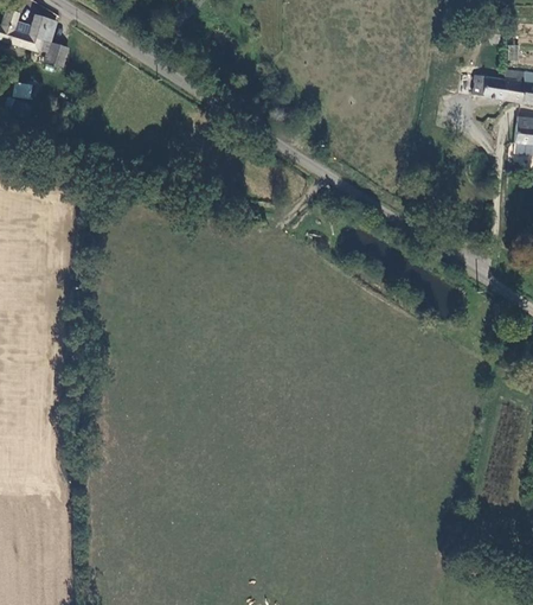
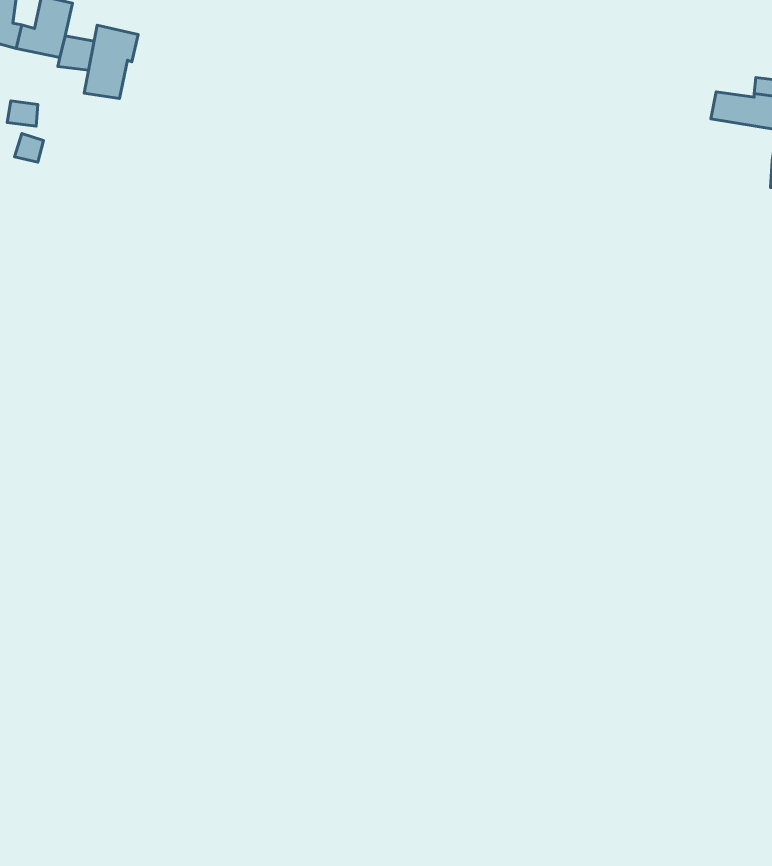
building: none -> [84,25,138,99]

